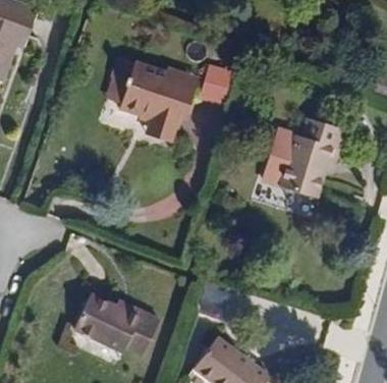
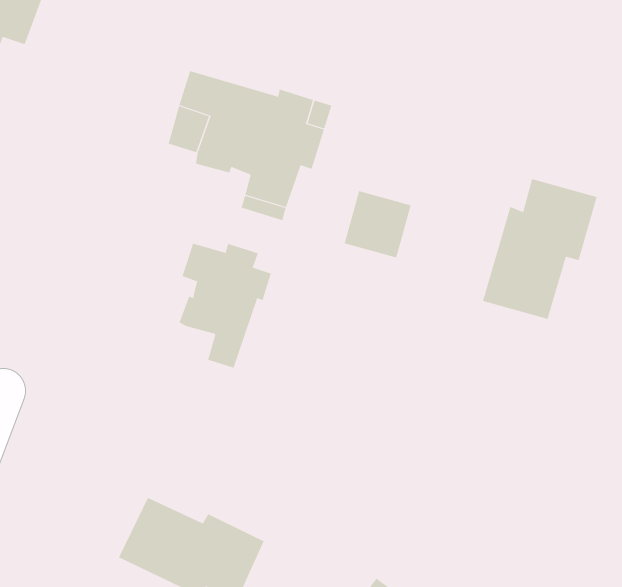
building: [196,65,233,103] -> [344,190,412,258]
building: none -> [179,243,271,368]

